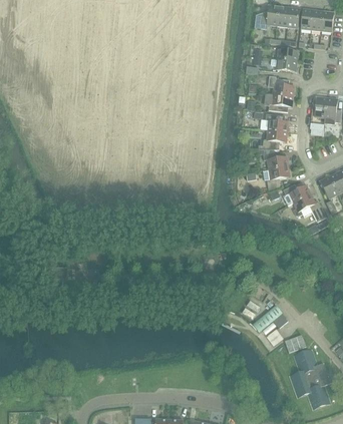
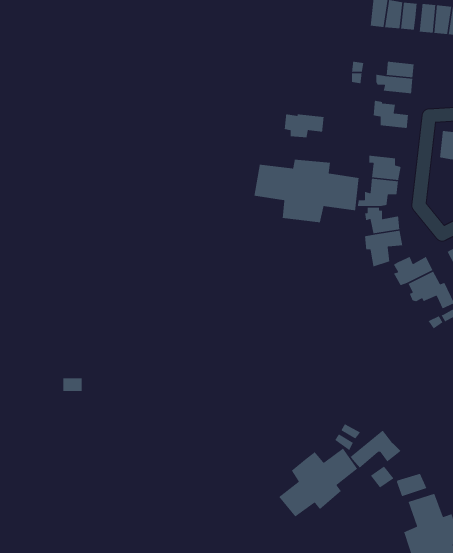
building: [264,93,292,110] -> [284,114,324,138]
building: none -> [254,159,359,223]
building: none -> [278,448,358,518]

